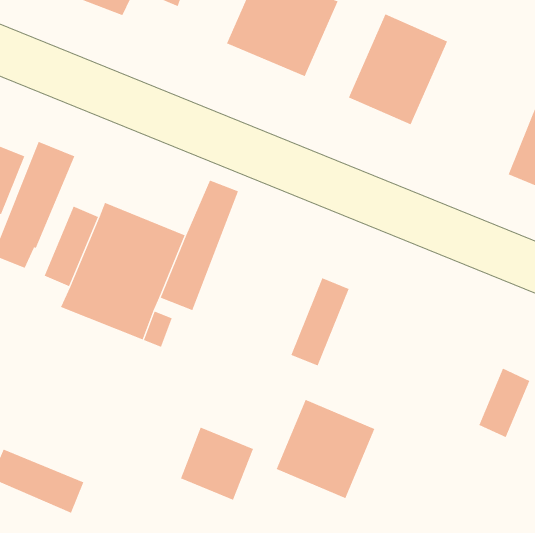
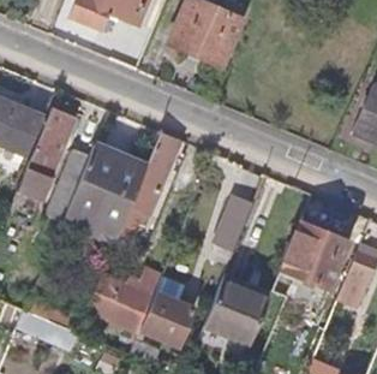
building: [348,14,448,125] -> none
building: none -> [279,222,346,289]
building: none -> [90,277,160,330]

